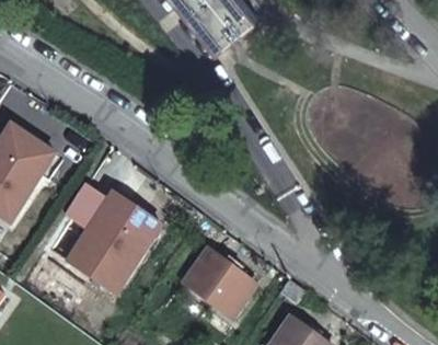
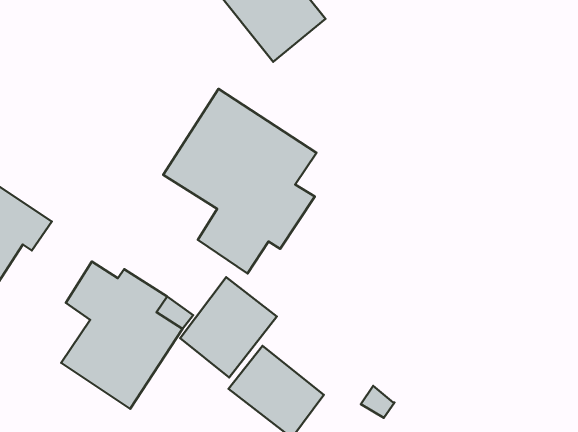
building: none -> [163,89,316,274]
building: none -> [180,277,277,378]

